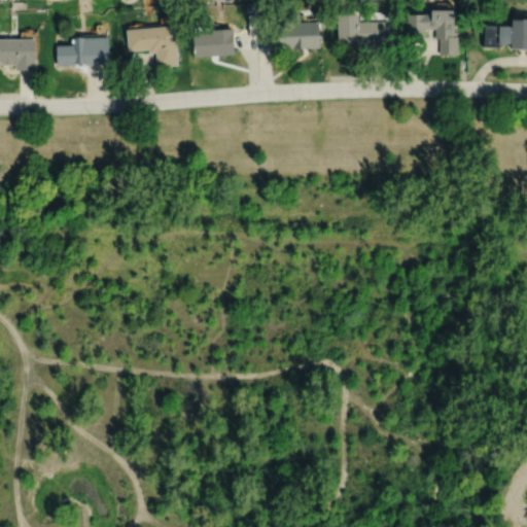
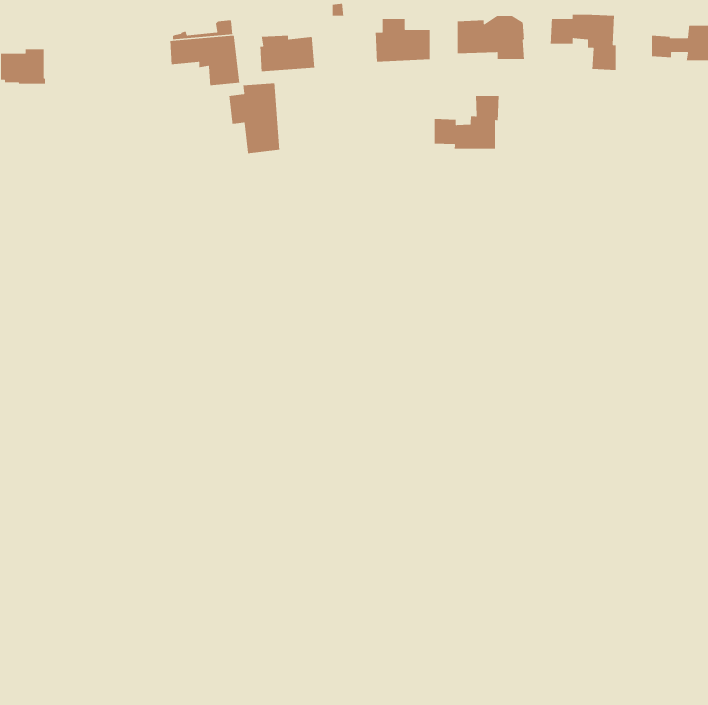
building: [56,38,108,66] -> none
building: none -> [229,82,280,154]
building: none -> [434,95,500,150]

